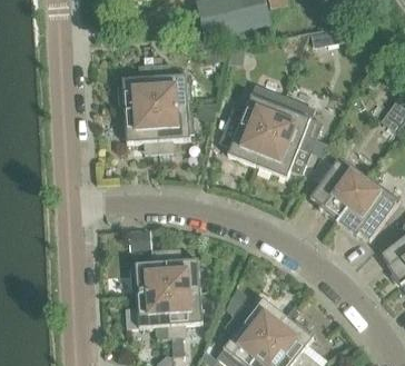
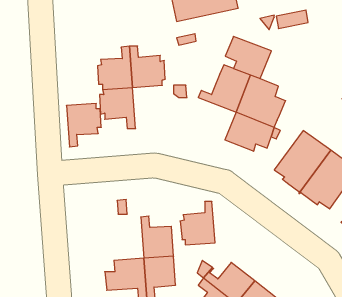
building: [156,107,194,154] -> [66,104,101,147]
building: [218,120,268,166] -> [225,36,271,79]
building: [130,249,168,296] -> [180,202,215,245]

